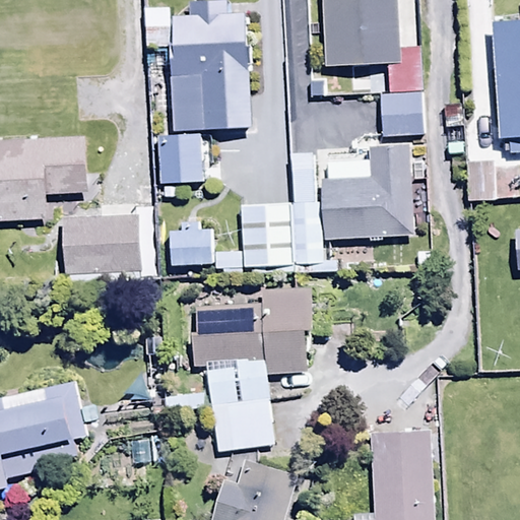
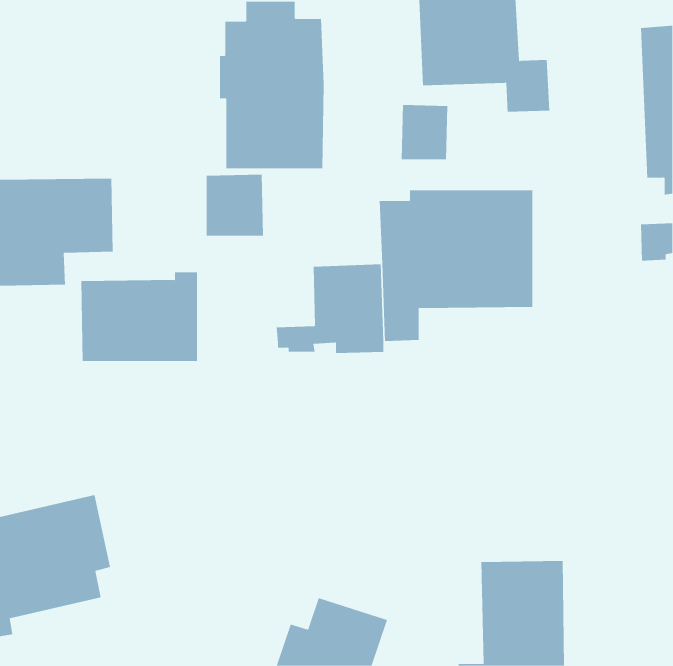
building: [380,93,416,136] -> [401,104,448,160]
building: [170,219,213,266] -> none
building: [189,288,325,450] -> none

